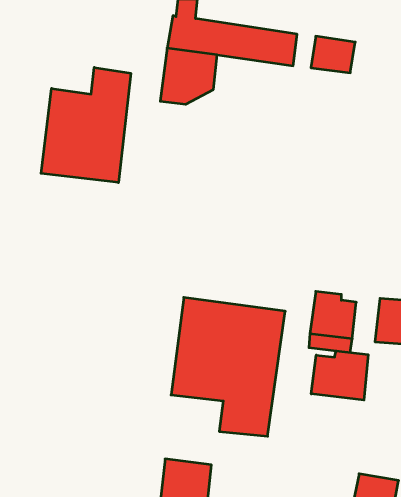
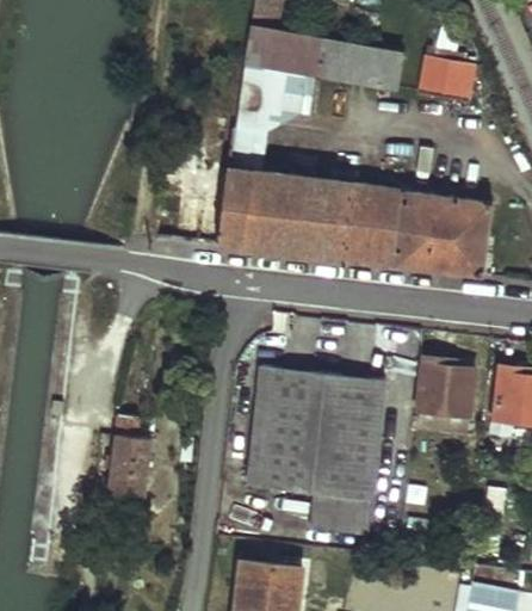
building: [41,67,131,183] -> none
building: none -> [218,173,491,279]
building: none -> [107,413,155,496]
building: [311,351,368,400] -> none

